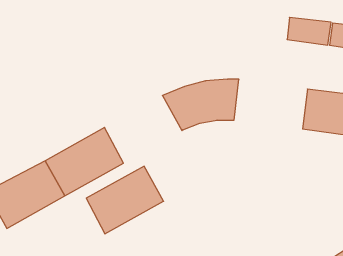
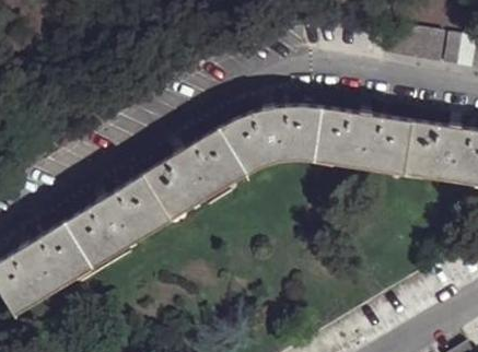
building: none -> [320,109,419,176]
building: [86,166,164,234] -> [147,131,250,222]

